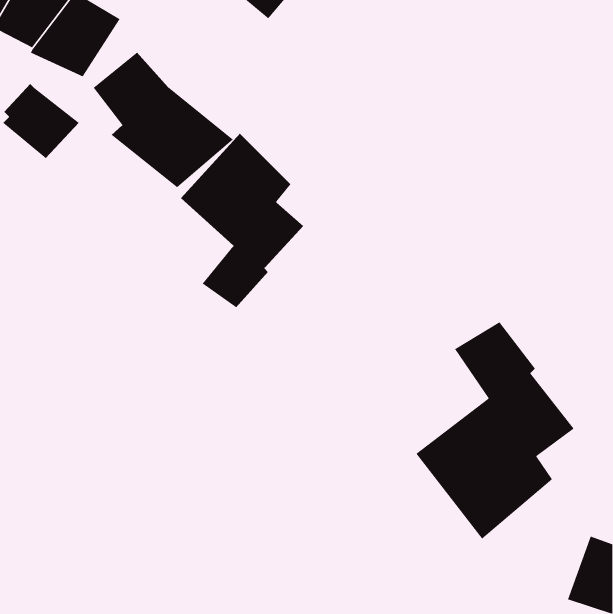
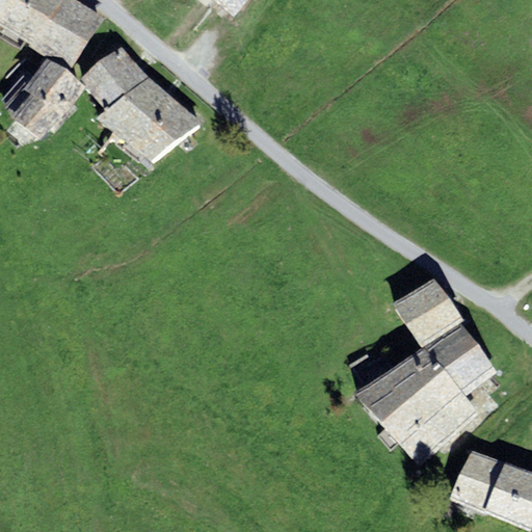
building: none -> [30,56,83,106]
building: [180,133,304,308] -> none
building: none -> [451,449,509,517]

